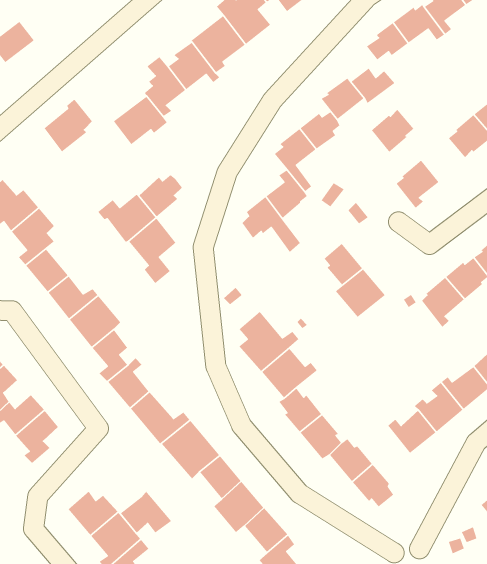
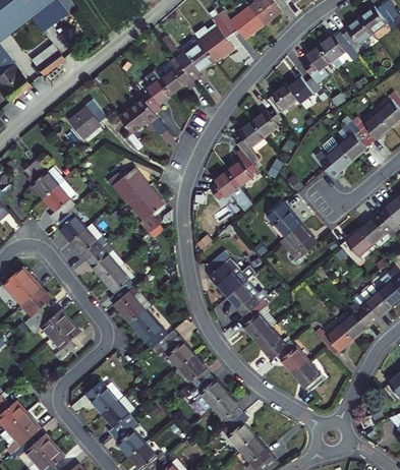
building: [371,109,415,153] -> [340,128,372,160]
building: [139,174,183,217] -> none
building: [120,491,172,533] -> none

